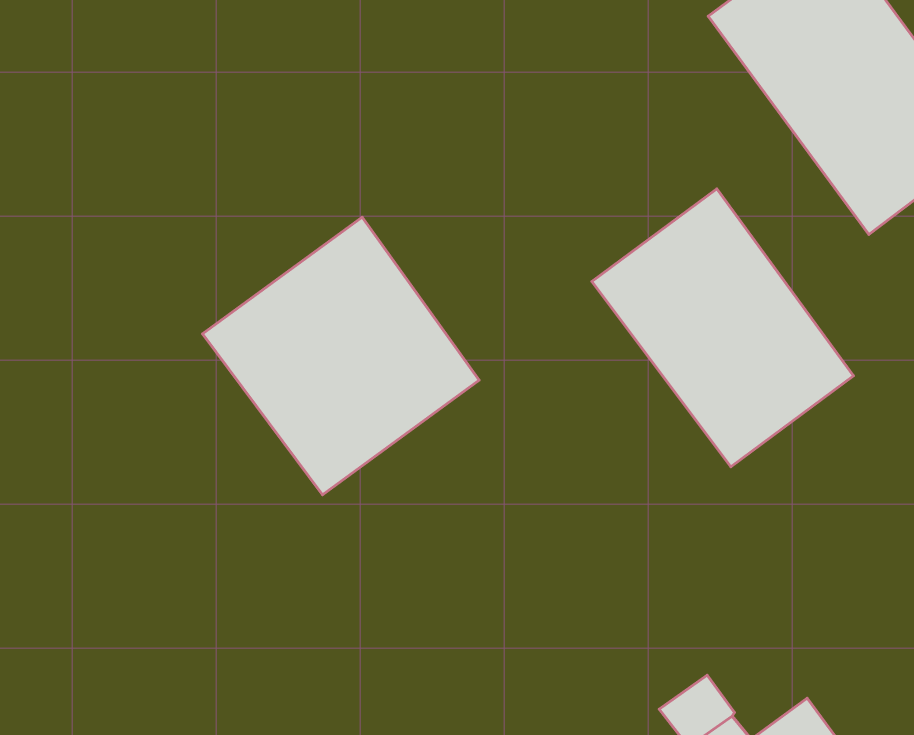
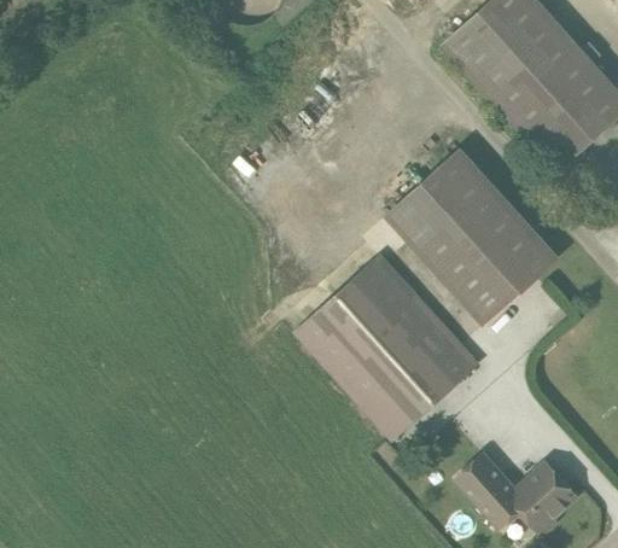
building: [203,217,479,495] -> none
building: none -> [297,256,478,439]

